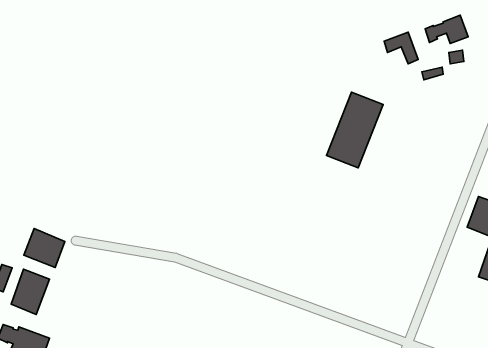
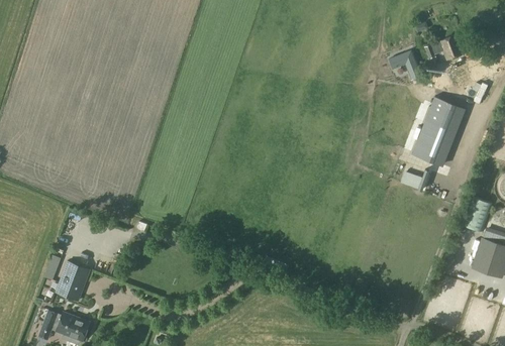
building: [326,92,383,168] -> [412,98,463,165]
building: [24,228,65,267] -> none

